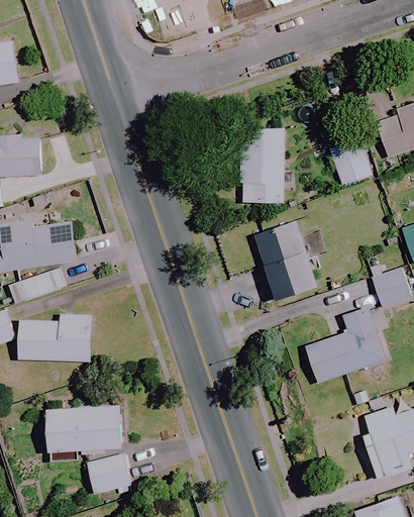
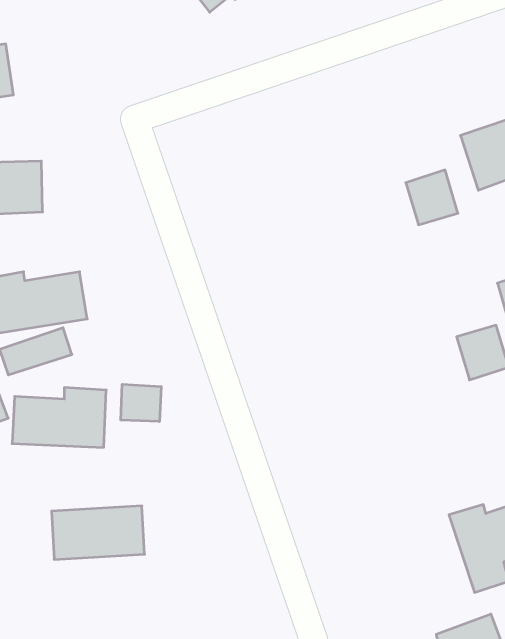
building: [243,128,285,203] -> none
building: [254,221,317,299] -> none
building: [305,307,384,382] -> none
building: none -> [121,384,161,422]
building: [86,455,129,492] -> none

